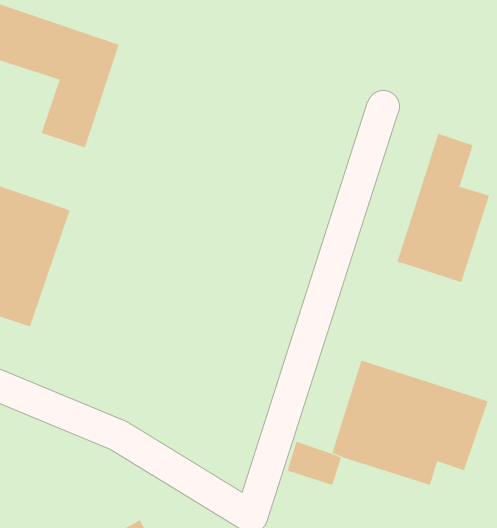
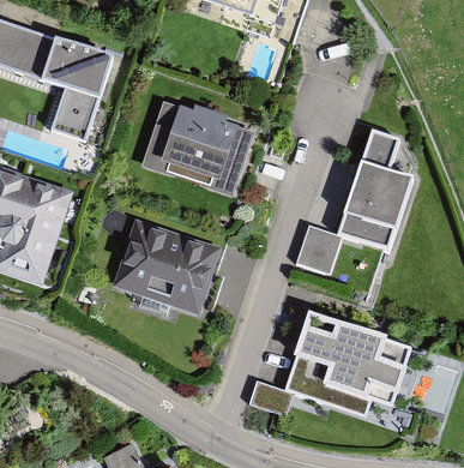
building: none -> [140,100,253,194]
building: none -> [112,216,223,313]
building: none -> [294,223,342,274]

